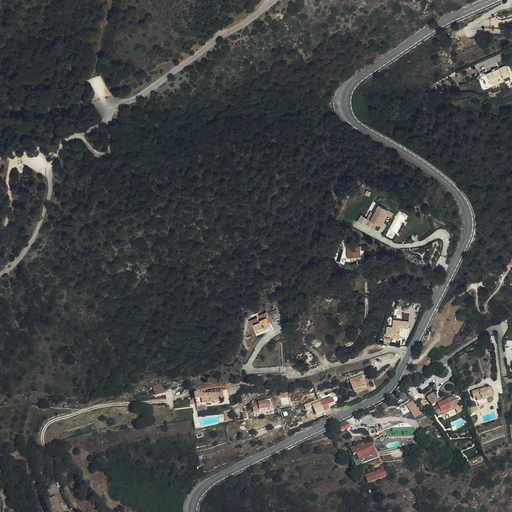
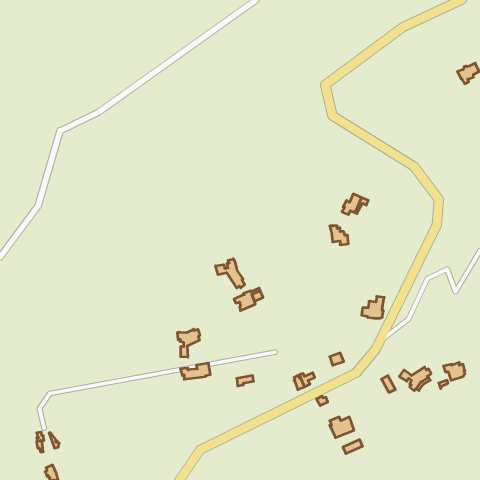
building: none -> [216,259,245,288]
building: none -> [178,329,200,357]

